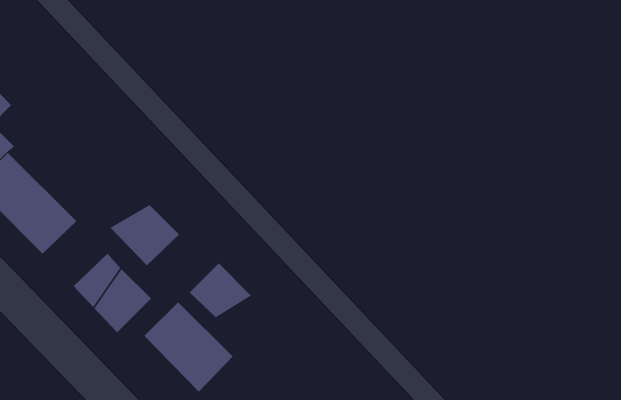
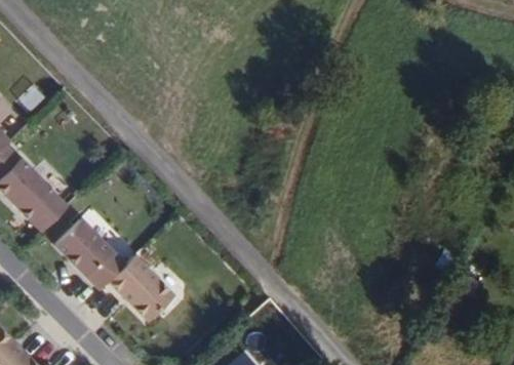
building: [110,204,180,266] -> none
building: [189,263,252,318] -> none

